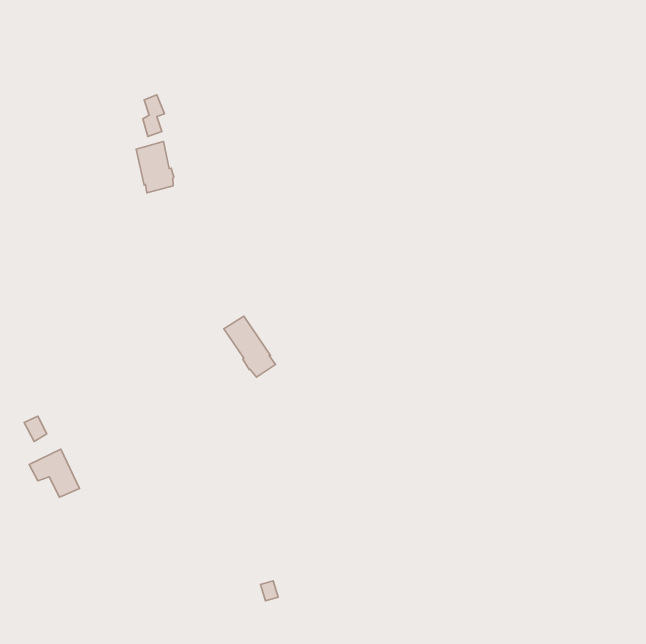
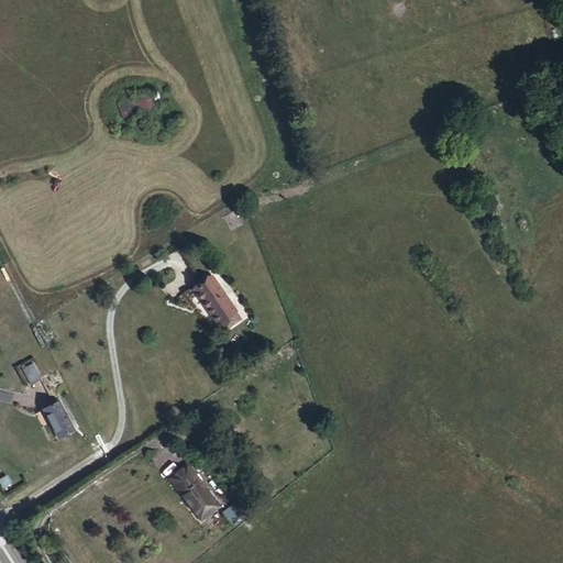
building: [136,141,174,193] -> none
building: none -> [172,464,222,518]

